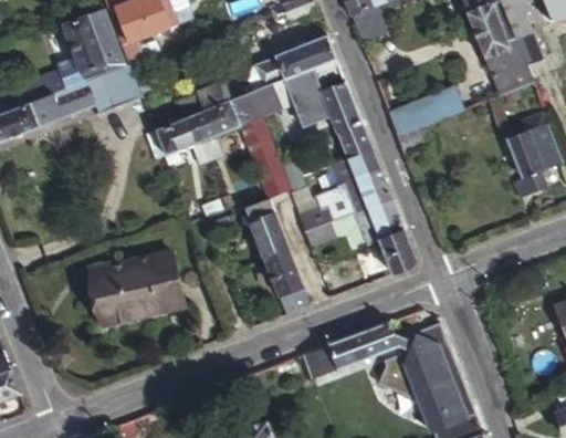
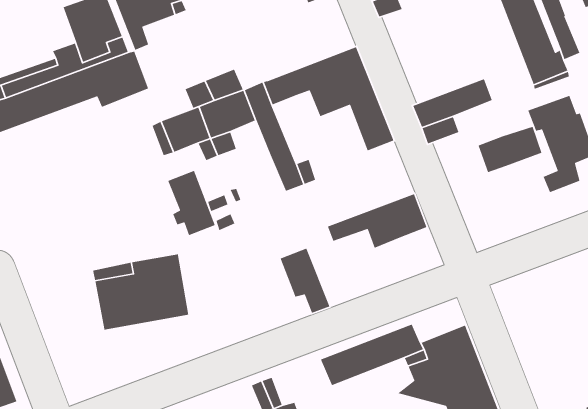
building: [245,34,336,93] -> none
building: none -> [477,126,543,173]
building: [302,166,390,229] -> none
building: [244,197,290,259] -> [167,170,216,236]
building: [377,230,413,274] -> none

